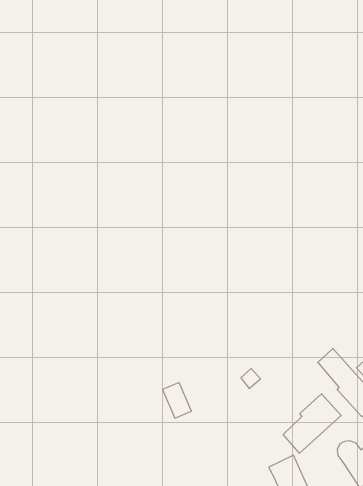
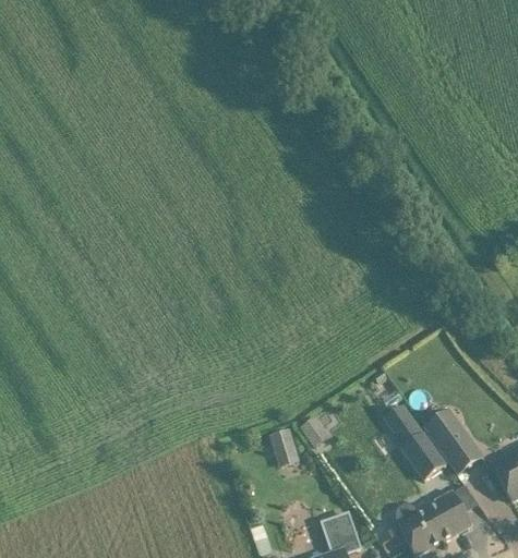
building: [162,383,191,418] -> [270,427,299,464]
building: [283,394,341,453] -> none

